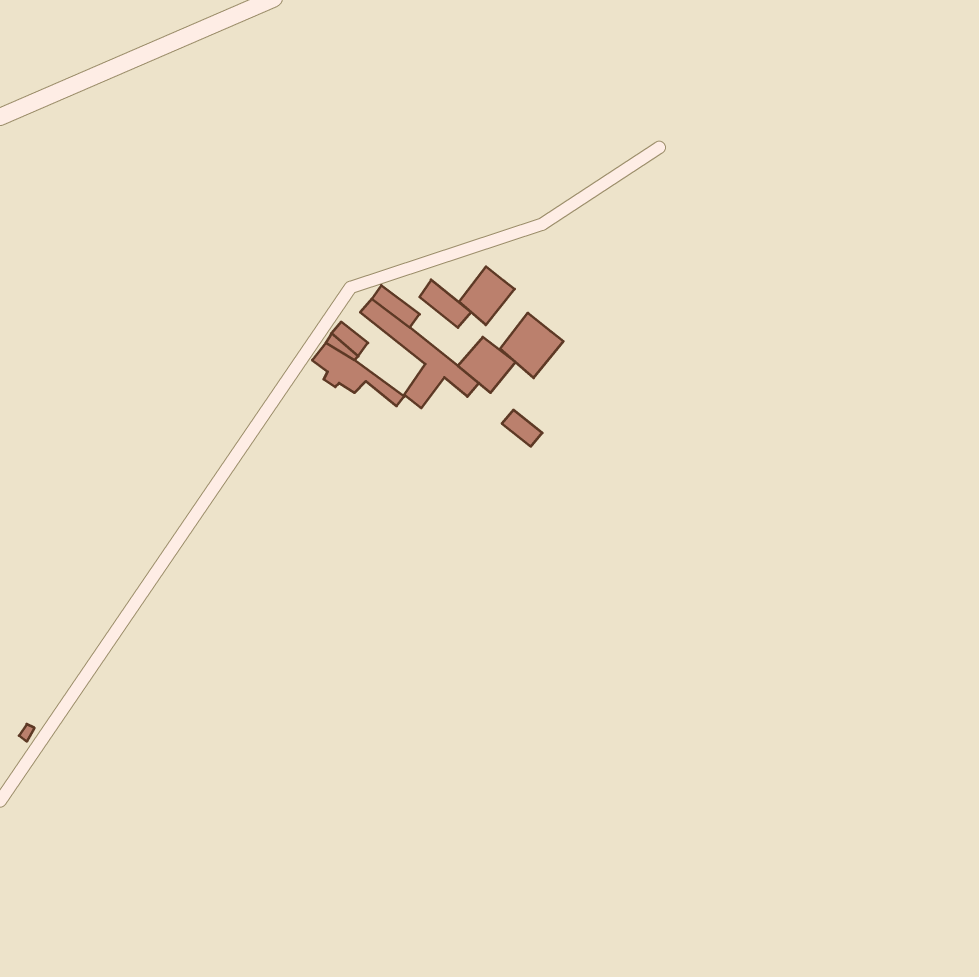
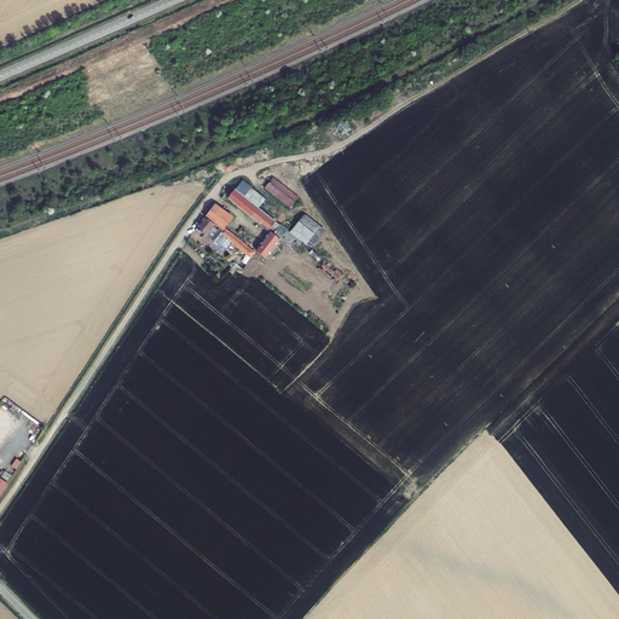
building: [459,267,515,325] -> none
building: [500,313,563,378] -> none

